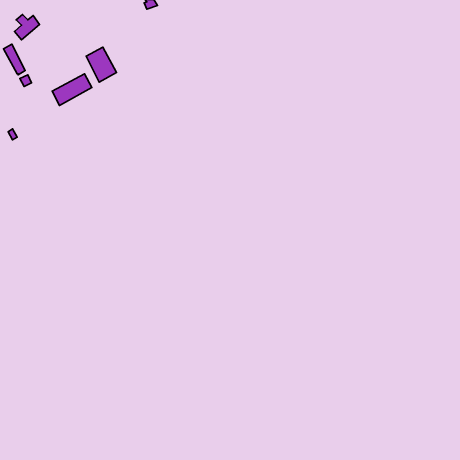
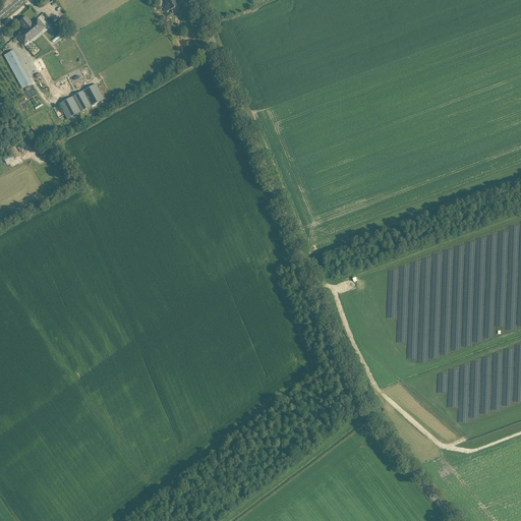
building: [86,47,117,82] -> none

